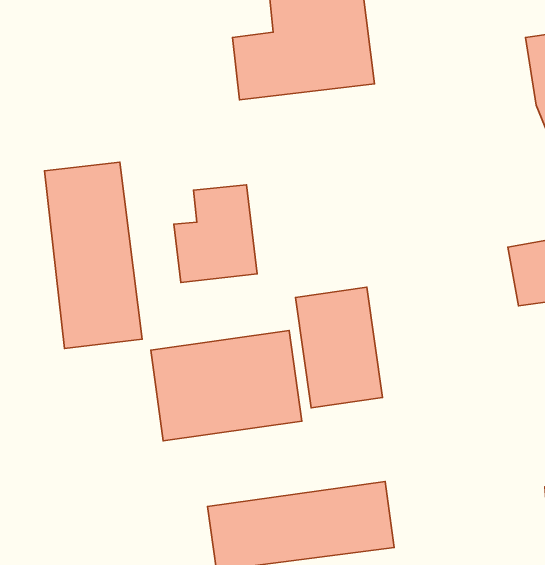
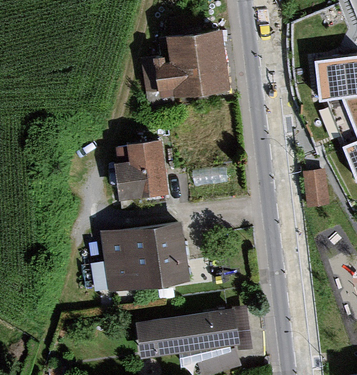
building: [44,162,142,348] -> none
building: [296,287,382,408] -> none

